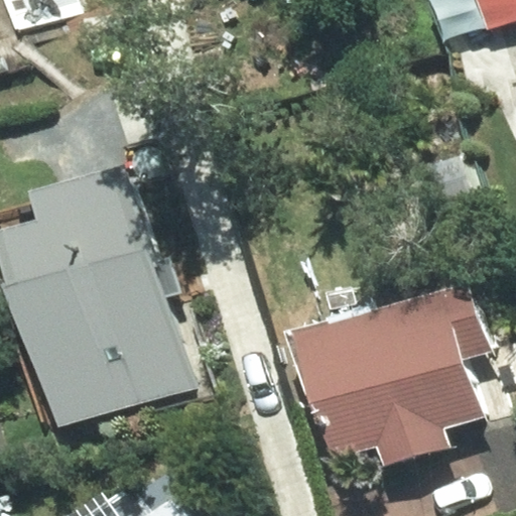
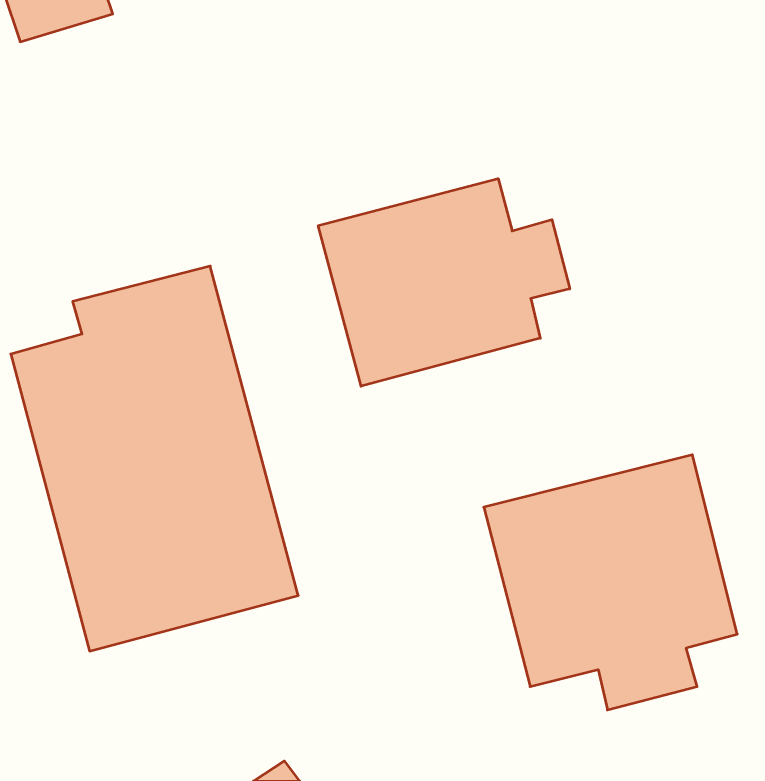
building: none -> [318,179,570,386]

